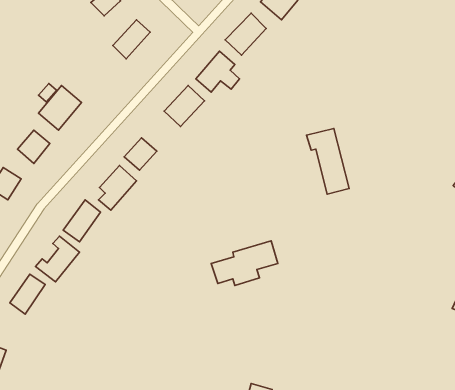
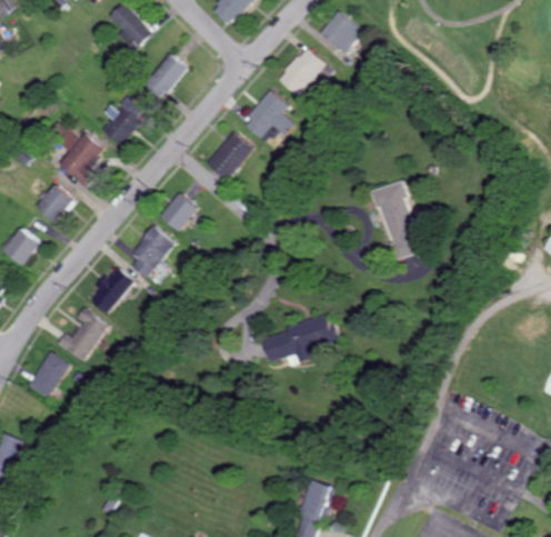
building: none -> [103,96,149,145]

